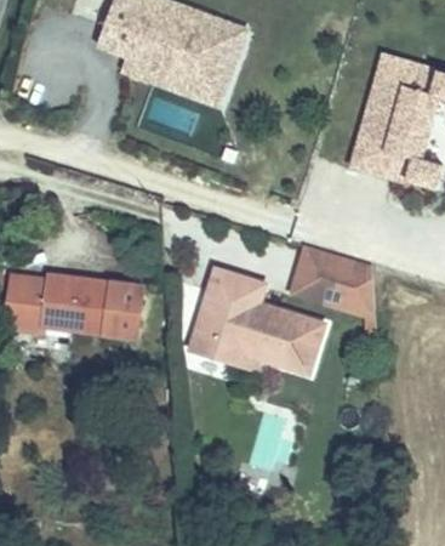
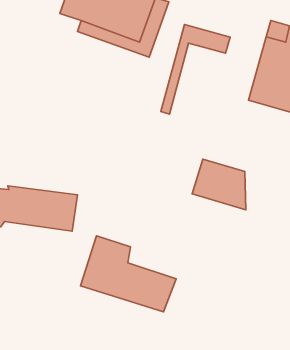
building: none -> [161,25,230,114]
building: [179,268,309,371] -> [80,236,176,312]

